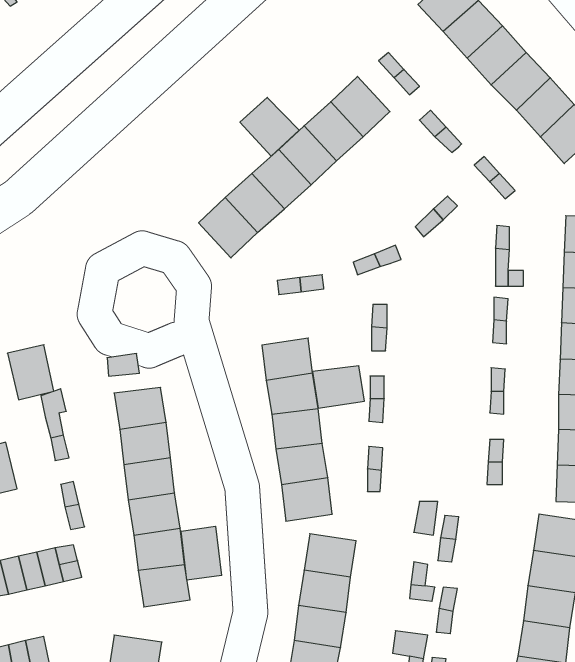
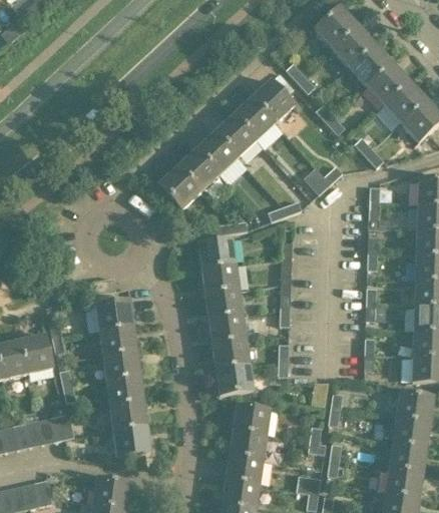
building: [240,97,299,156] -> none
building: [7,345,54,400] -> [20,335,53,374]
building: [312,366,364,408] -> [198,241,236,272]
building: [181,526,222,580] -> none

